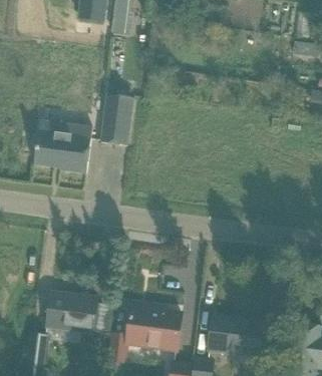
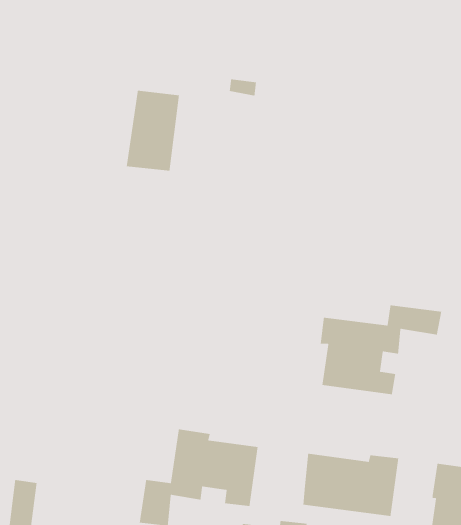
building: [34,119,92,172] -> none
building: none -> [320,304,442,395]
building: [46,291,97,332] -> none

